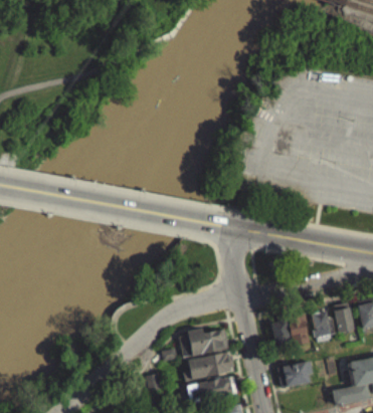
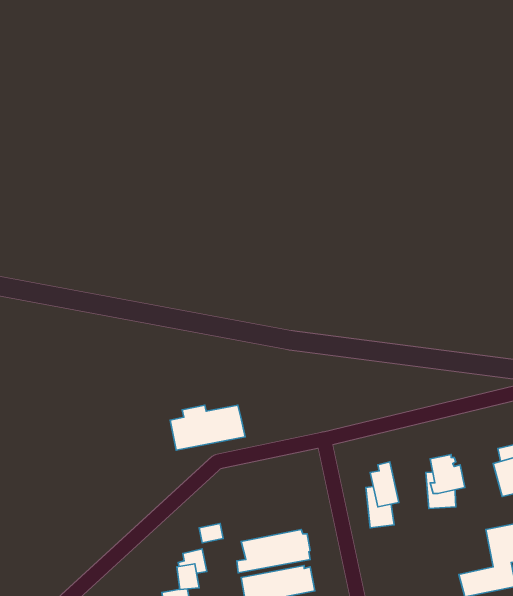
building: [335,302,354,333] -> none
building: [289,313,312,347] -> none
building: [176,336,226,366] -> [170,405,245,450]
building: [279,361,314,387] -> none

